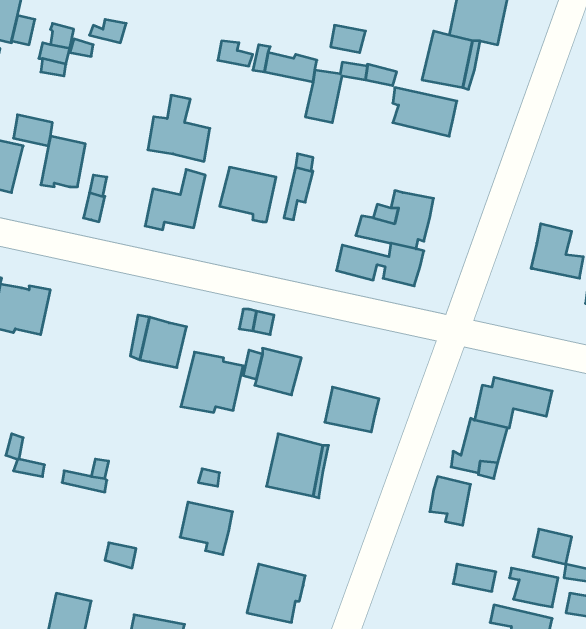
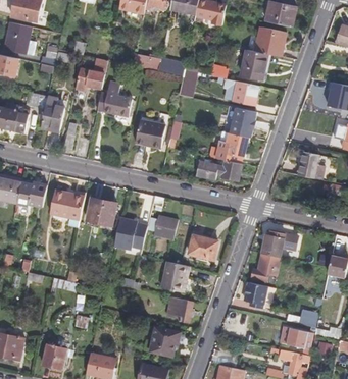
building: none -> [230,108,255,138]
building: [145,169,205,230] -> [74,58,106,90]
building: none -> [49,190,83,219]
building: [180,502,233,555] -> [164,297,192,325]

